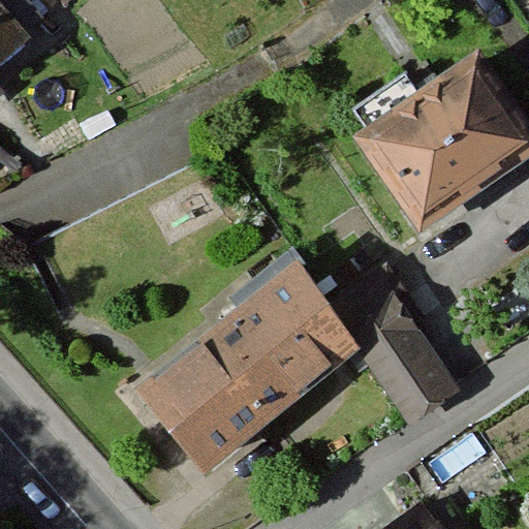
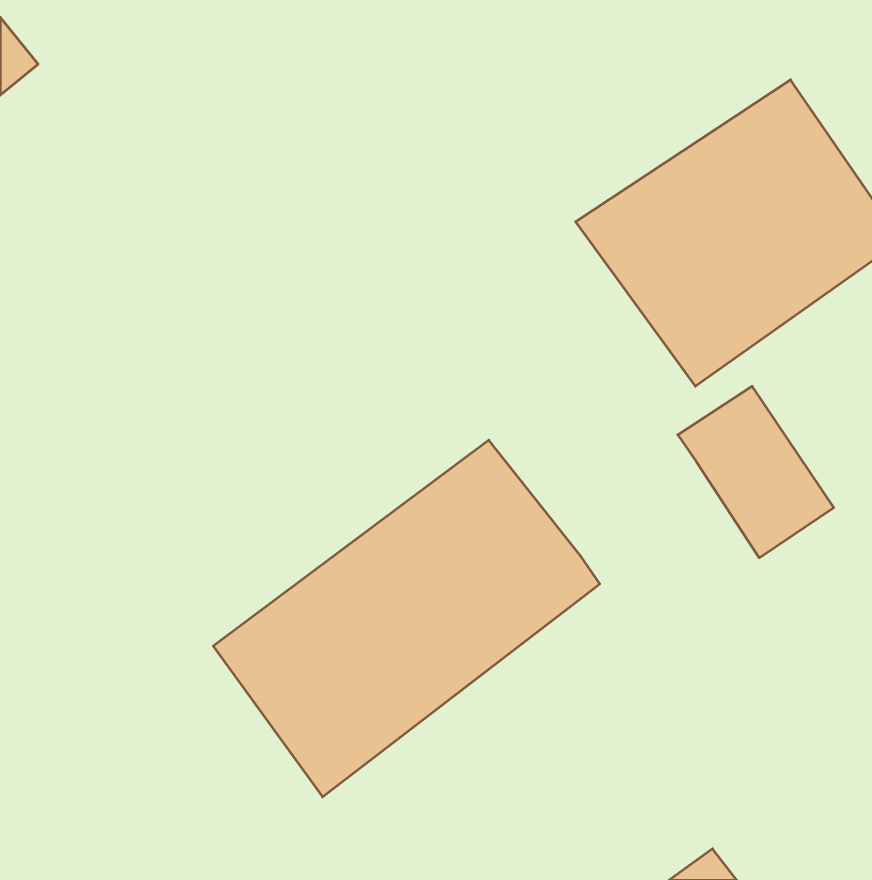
building: [354,303,447,405] -> [678,386,834,558]

